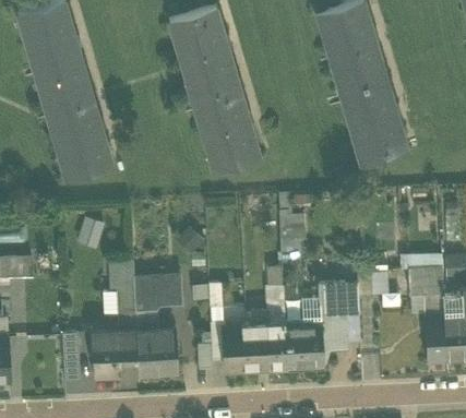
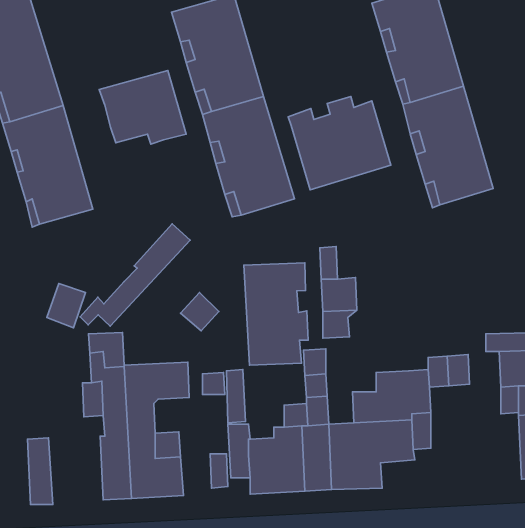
building: none -> [99,70,186,144]
building: none -> [288,97,391,190]
building: none -> [80,224,190,326]
building: none -> [244,263,308,365]
building: [93,331,119,379] -> none

